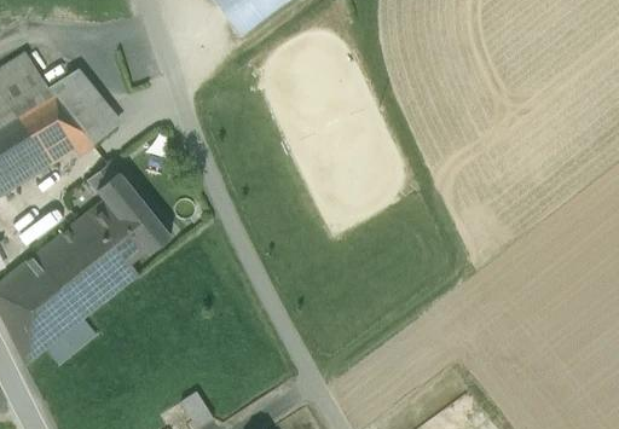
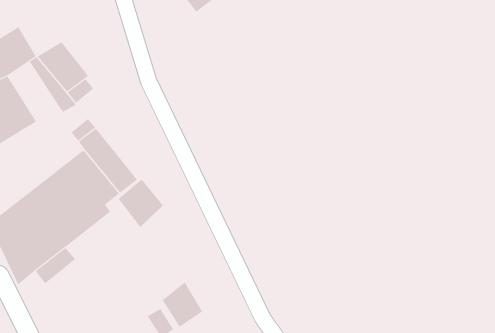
building: [13,94,75,167] -> none
building: none -> [118,179,163,228]
building: none -> [162,282,203,327]

